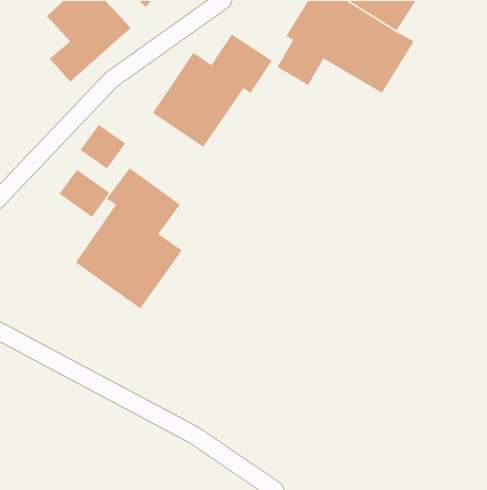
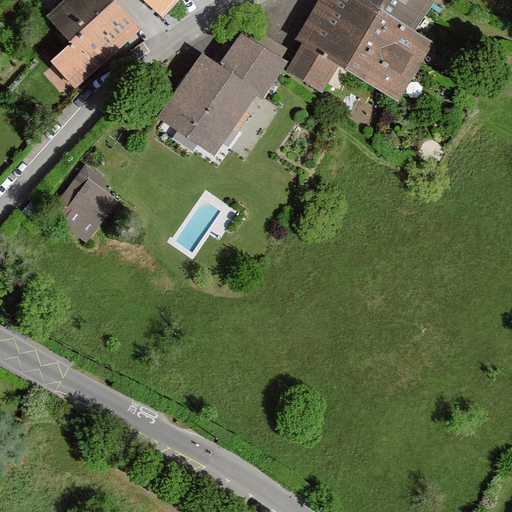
building: [80,124,126,169] -> none
building: [75,167,183,309] -> none

